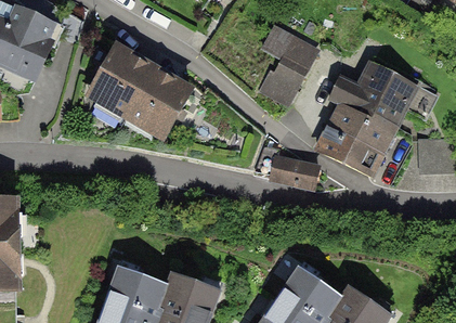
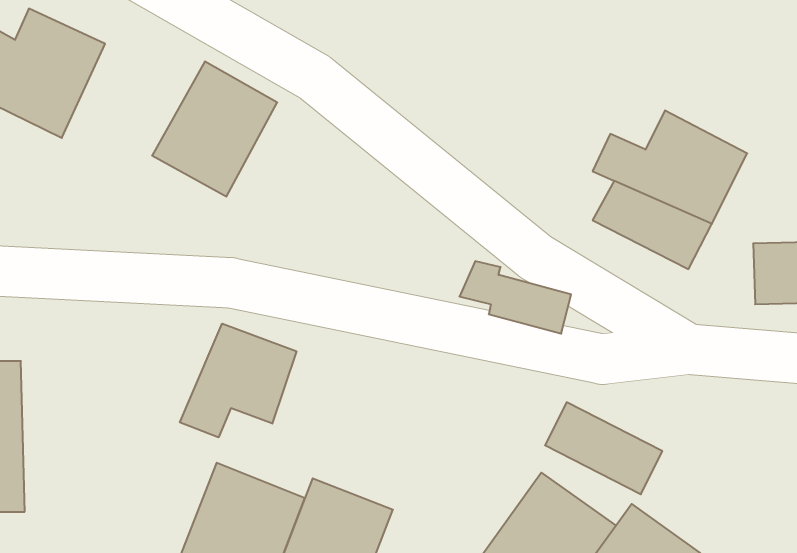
building: [261,28,315,104] -> none
building: [126,61,195,135] -> none
building: [316,126,381,177] -> [545,402,662,494]
building: none -> [180,324,296,437]

